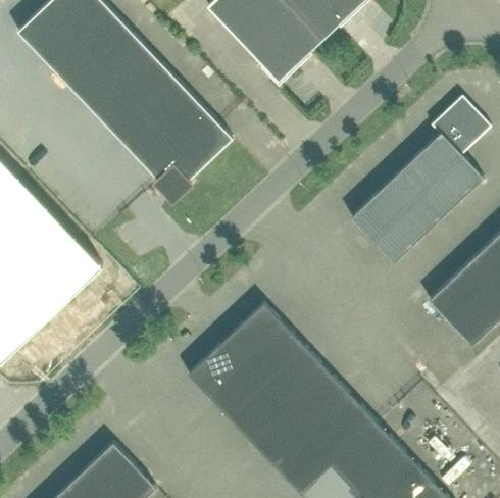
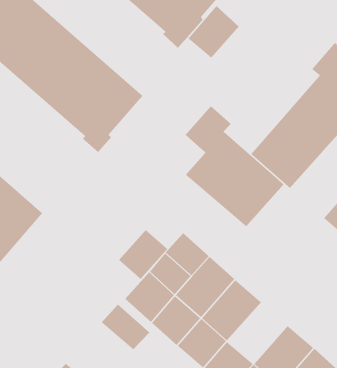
building: none -> [187,5,240,59]
building: none -> [185,105,284,227]
building: none -> [118,229,168,280]
building: none -> [101,304,150,350]
building: [304,393,377,464] -> none

